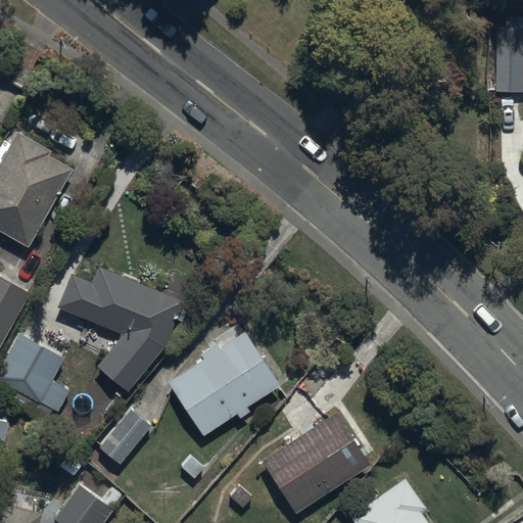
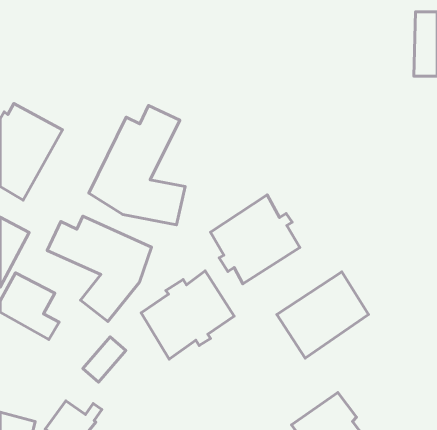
building: none -> [89,105,185,225]
building: none -> [211,195,300,284]
building: [262,411,371,514] -> [277,272,368,358]

